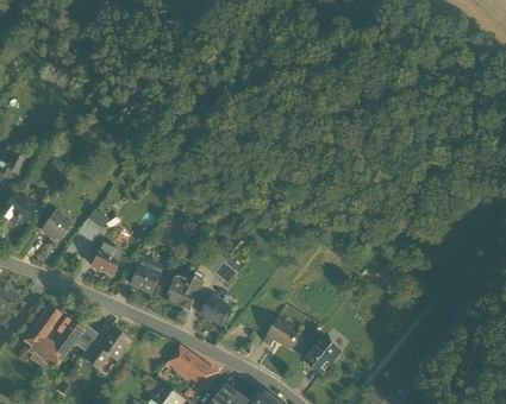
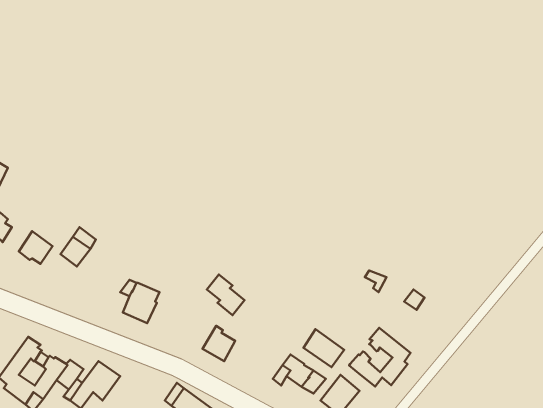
building: [92,244,121,273] -> none
building: [167,276,204,309] -> none
building: none -> [349,328,411,387]
building: none -> [303,329,344,367]

